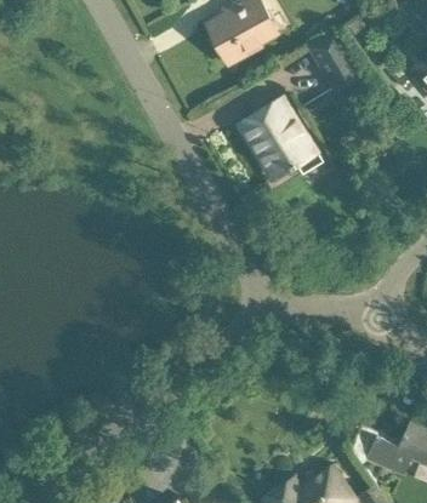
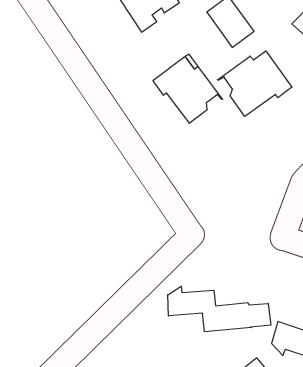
building: none -> [217,51,292,116]
building: none -> [168,286,271,332]

